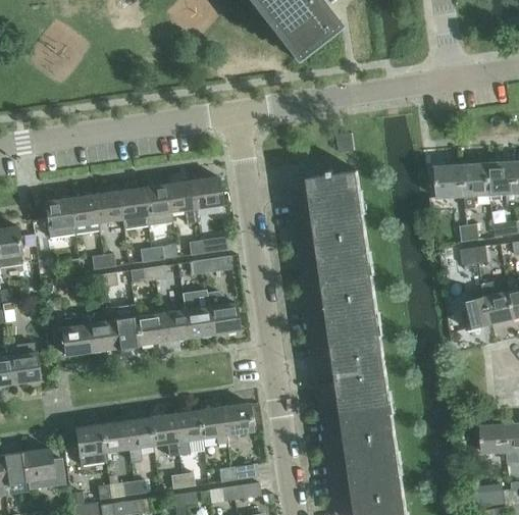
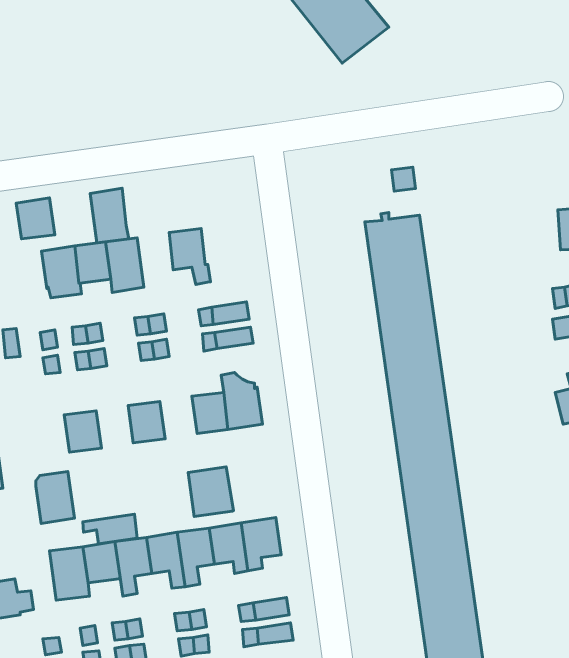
building: [434,166,464,199] -> none
building: [189,176,218,208] -> none
building: [140,184,169,225] -> [90,188,129,243]
building: [41,198,70,229] -> [16,198,55,239]
building: [157,309,186,342] -> none
building: [58,316,88,356] -> [36,471,74,523]
building: [108,316,137,349] -> none
building: none -> [188,467,234,517]
building: none -> [83,514,137,544]

